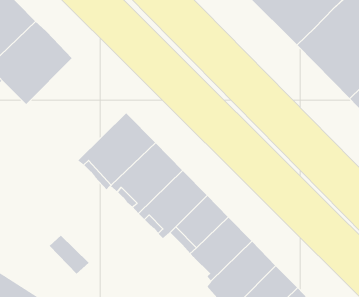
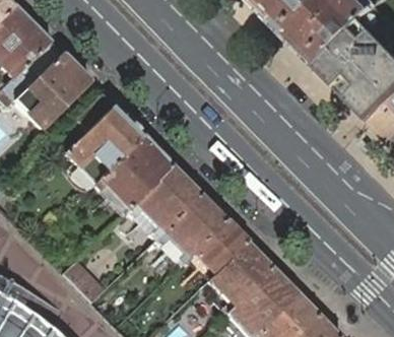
building: none -> [63,92,142,184]

